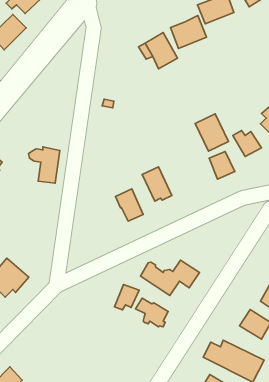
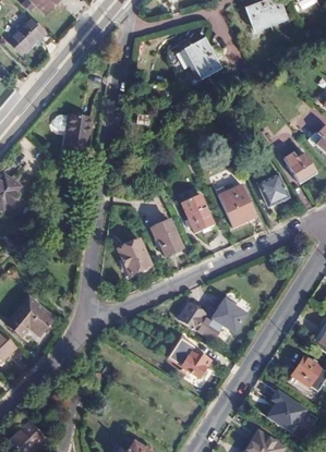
building: [170,15,207,48] -> none
building: [195,114,229,151] -> [217,182,255,224]
building: [29,147,60,183] -> [53,115,89,157]
building: none -> [117,235,148,272]
building: [114,285,139,310] -> none

